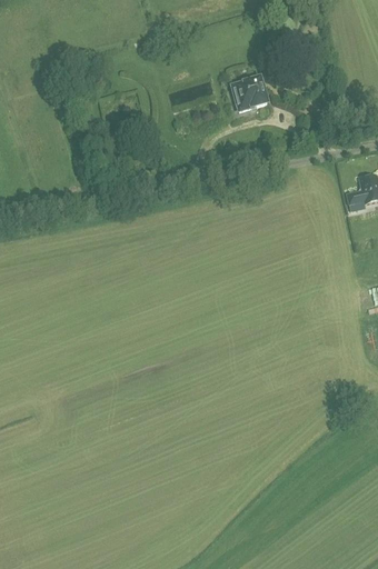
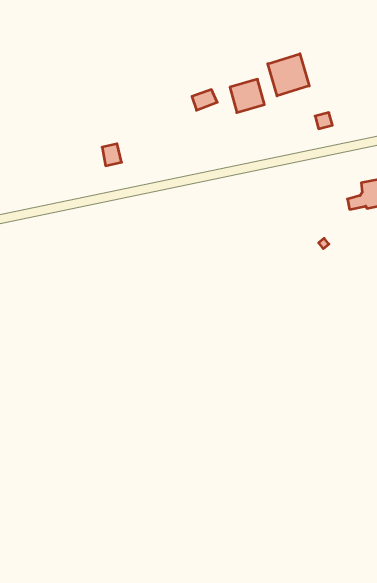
building: none -> [268,54,309,96]

